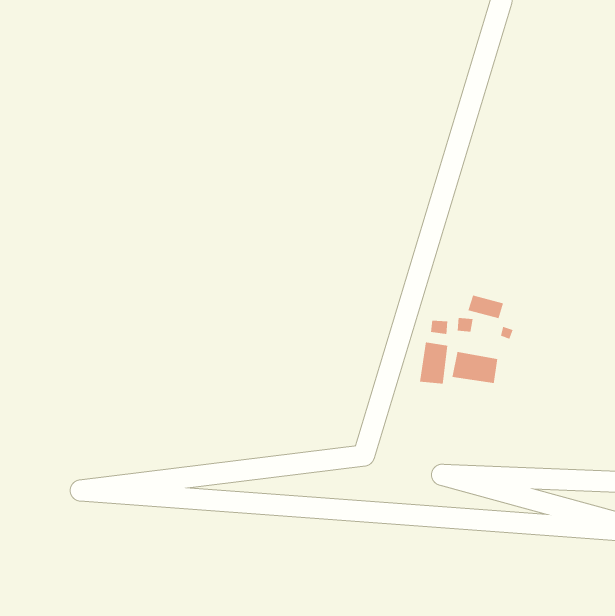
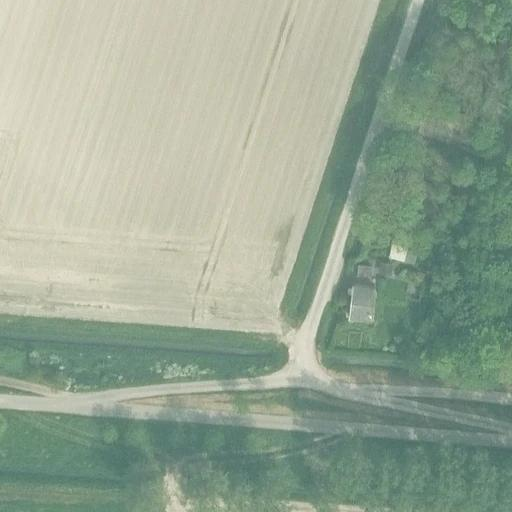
building: [452,351,498,384] -> none

